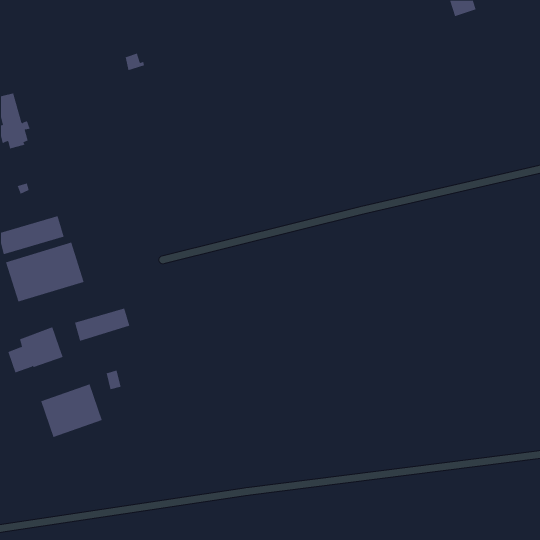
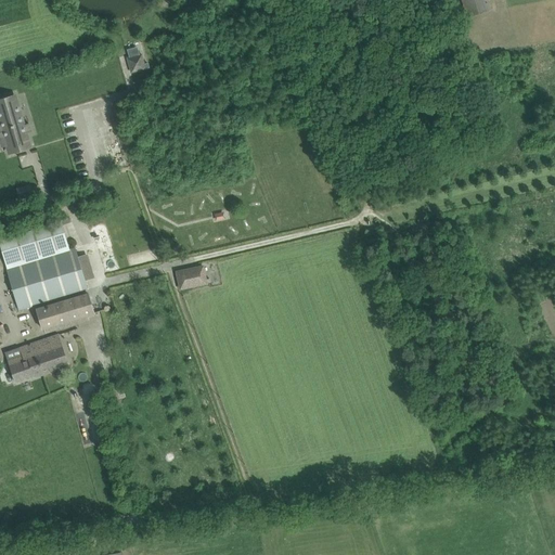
building: none -> [176,264,206,287]
building: [74,308,130,342] -> [36,294,93,328]
building: [41,383,103,438] -> none

